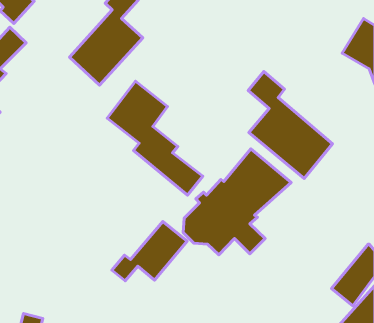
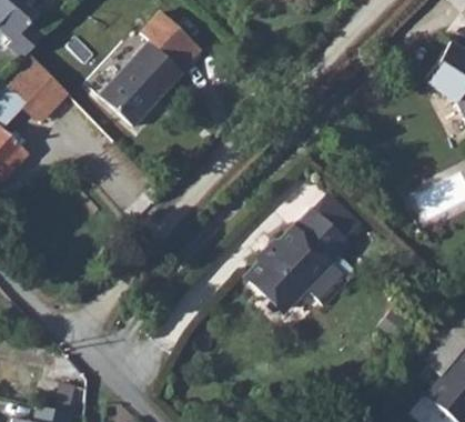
building: [248,71,332,179] -> none
building: [107,81,203,195] -> none
building: [112,221,187,281] -> none

